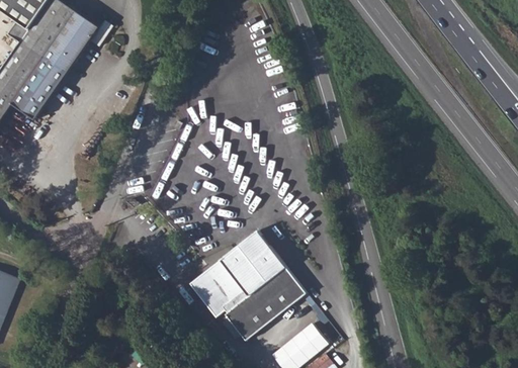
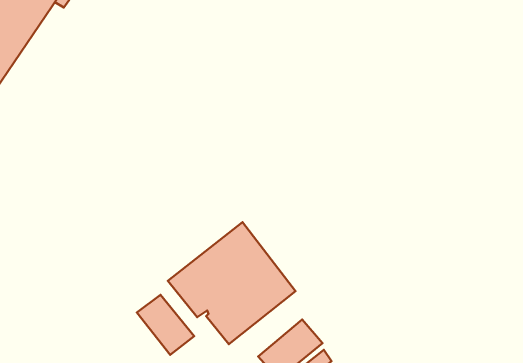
building: none -> [137,295,194,355]

